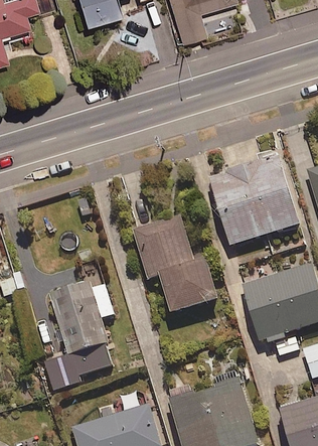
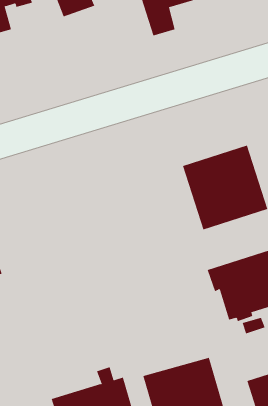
building: [132,211,217,312] -> none
building: [44,266,115,391] -> none

